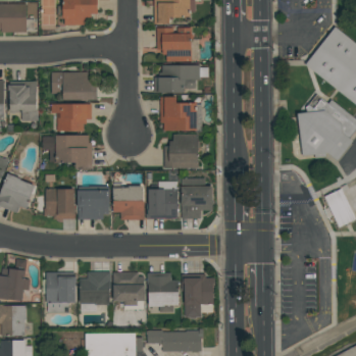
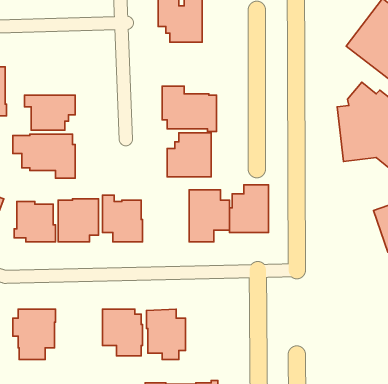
building: [154,65,209,93] -> none
building: [52,72,98,101] -> none
building: [147,182,177,219] -> [230,185,268,233]
building: [80,271,111,311] -> none
building: [183,273,215,317] -> none

